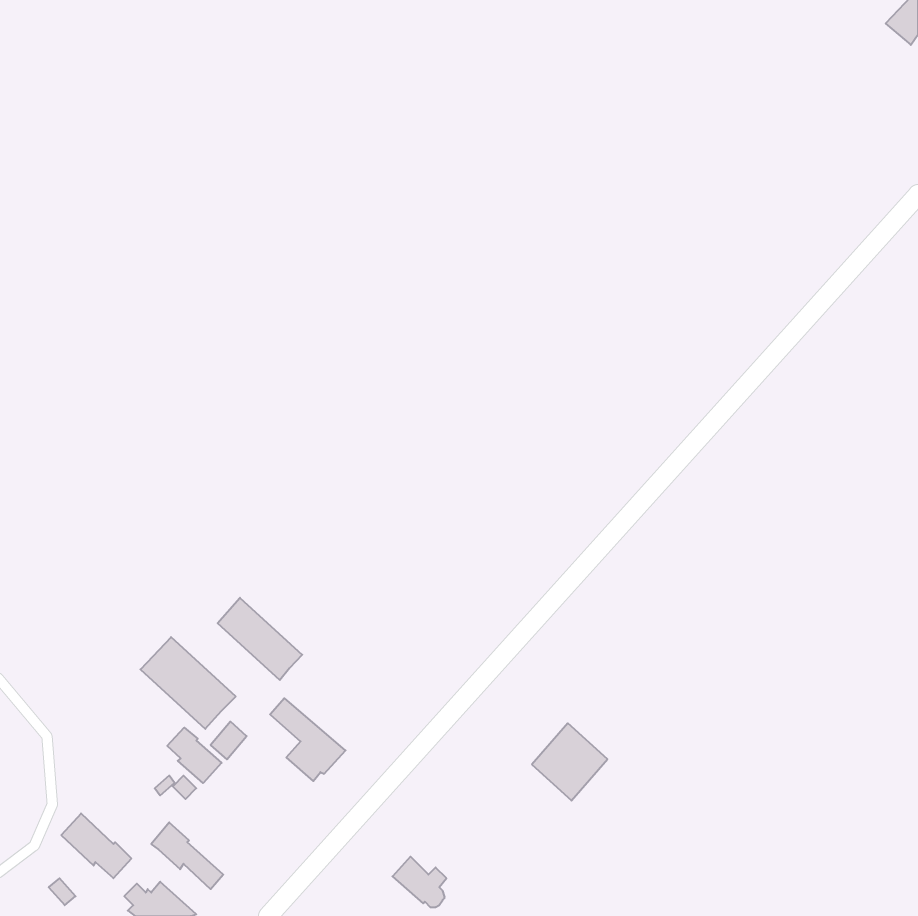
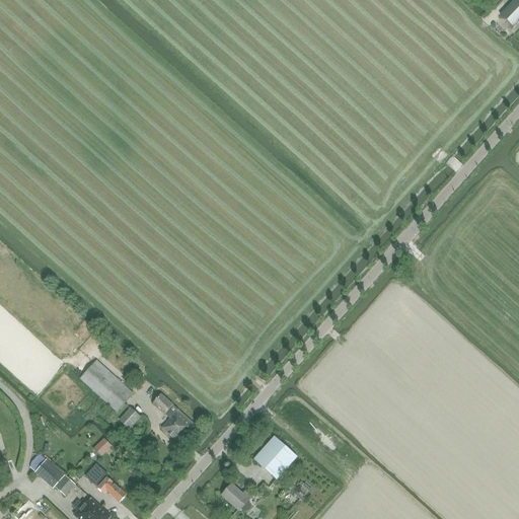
building: [218,598,302,680] -> none
building: [532,723,607,801] -> [253,435,296,478]
building: [167,728,222,783] -> none

